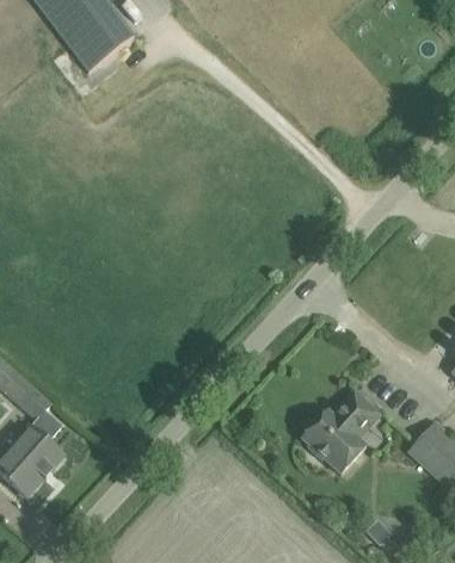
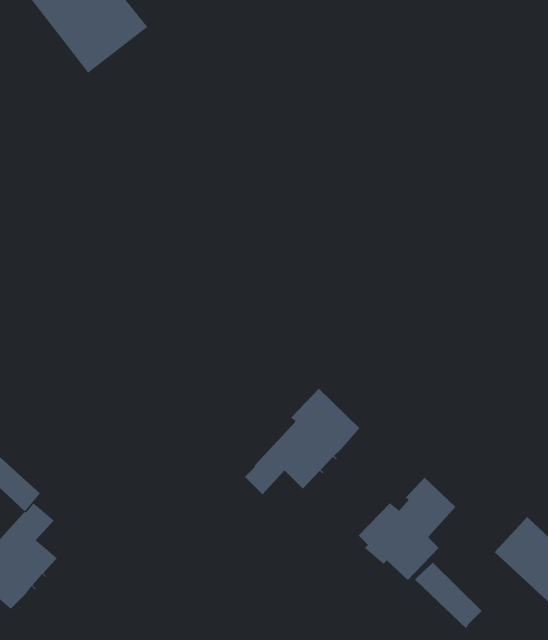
building: none -> [244,388,360,495]
building: none -> [415,562,483,629]

